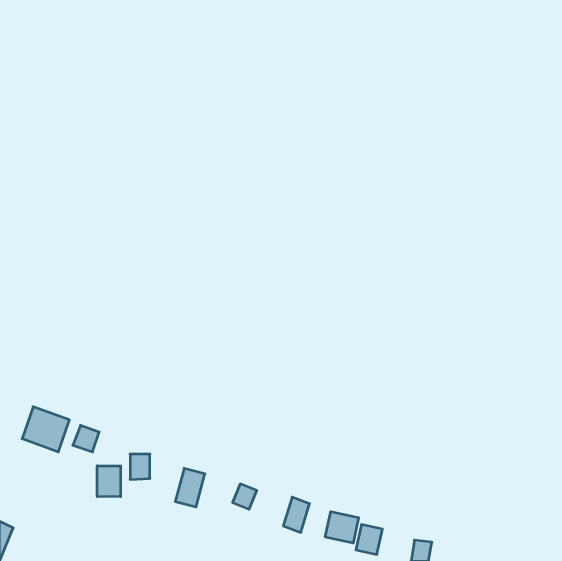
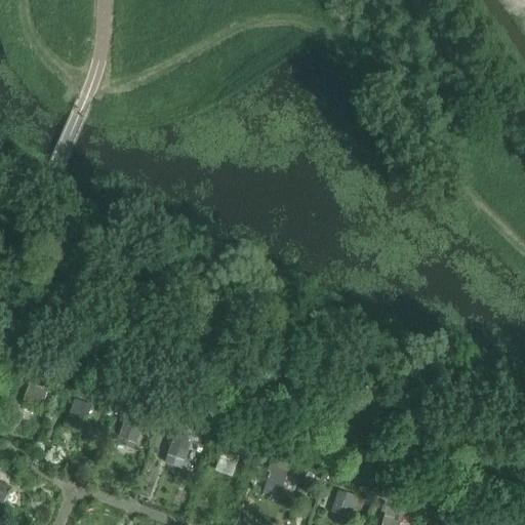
building: [97,466,121,497] -> none
building: [325,512,359,543] -> none

